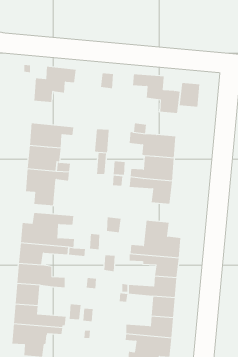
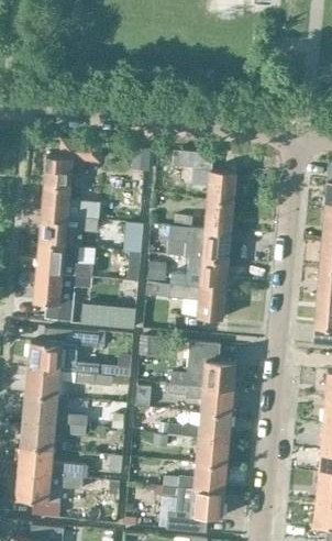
building: [179,83,200,107] -> [206,199,233,231]
building: none -> [42,185,99,219]
building: none -> [81,305,136,329]

